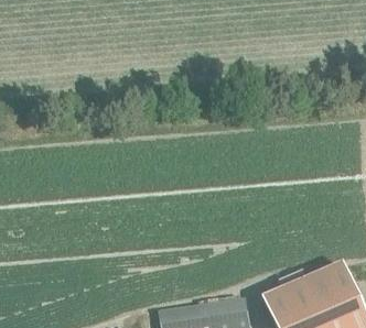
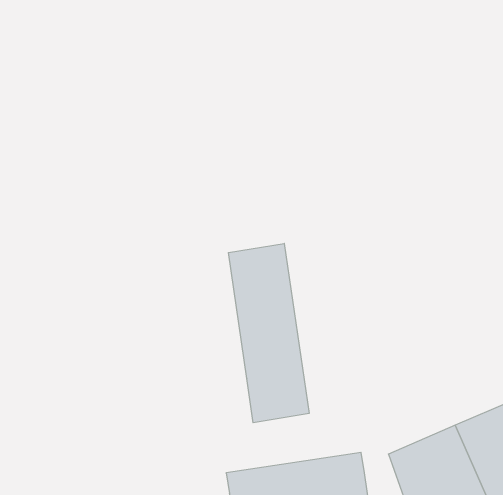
building: none -> [228,243,309,423]

